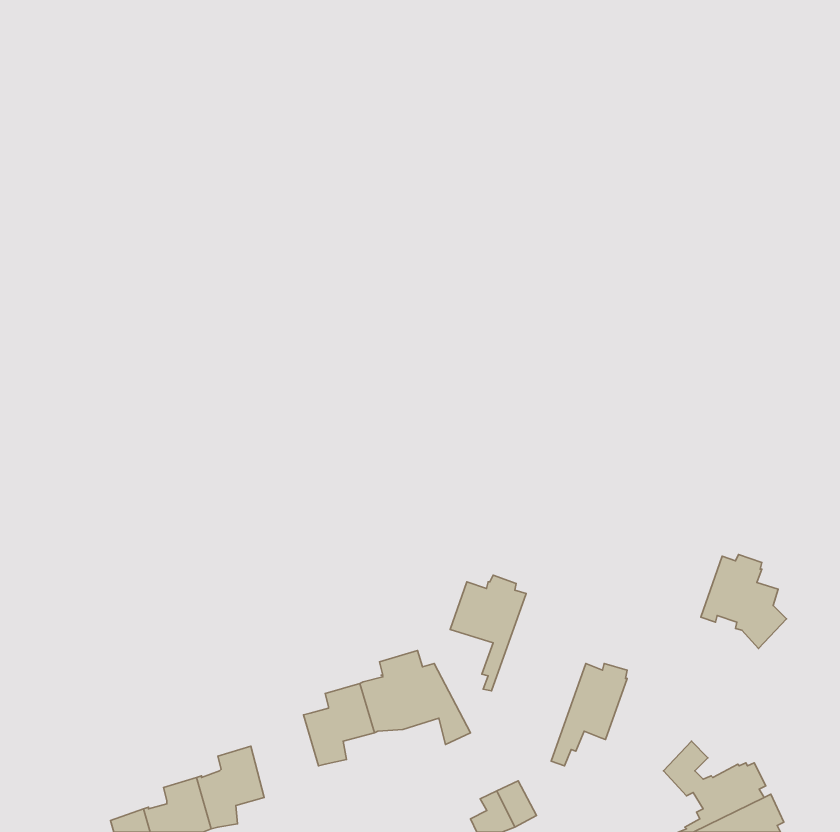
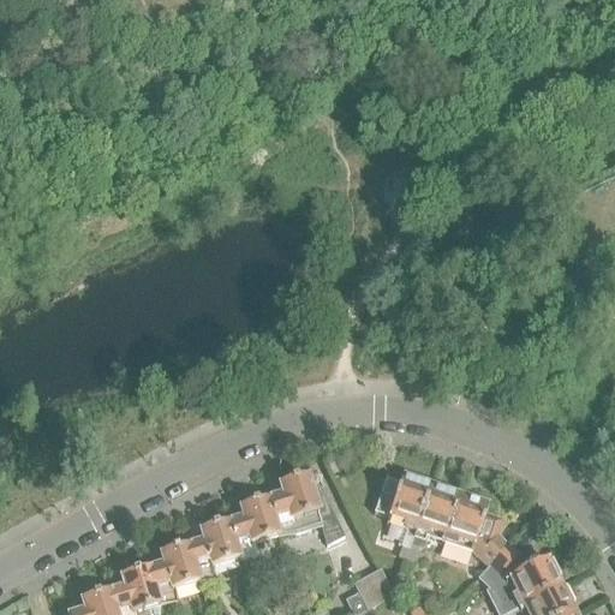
building: [701,554,787,648] -> [441,492,503,561]
building: [450,575,526,691] -> [371,470,426,554]
building: none -> [183,520,232,580]

